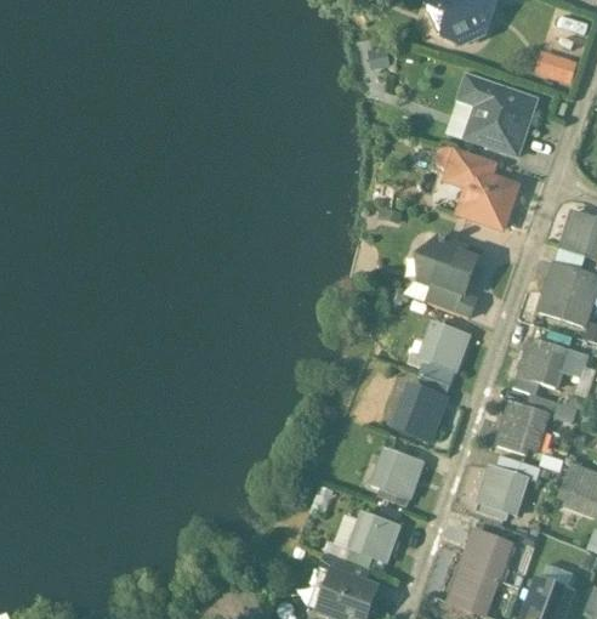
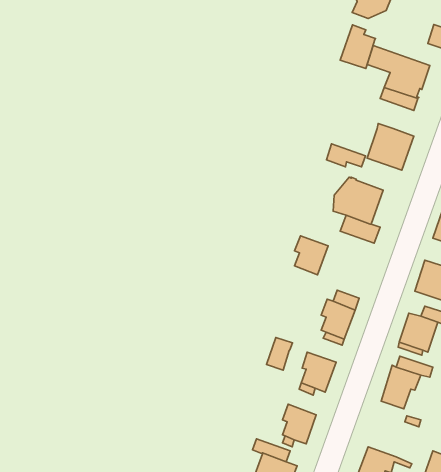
building: none -> [340,25,376,68]
building: [448,149,495,177] -> [327,144,365,167]
building: [426,323,467,370] -> [294,236,328,275]
building: none -> [266,337,293,370]
building: [460,529,507,577] -> none

